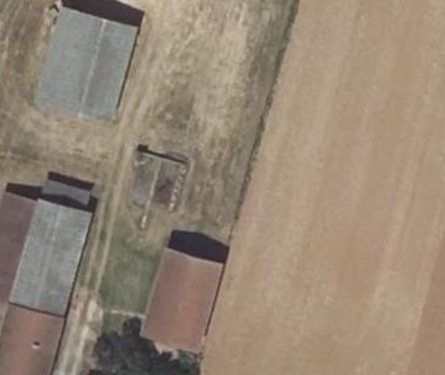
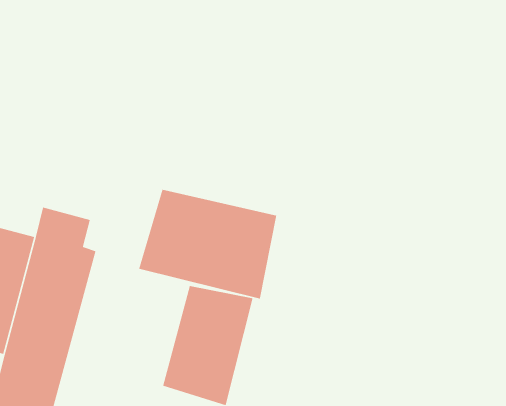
building: [52,18,134,121] -> none
building: none -> [138,189,277,300]

